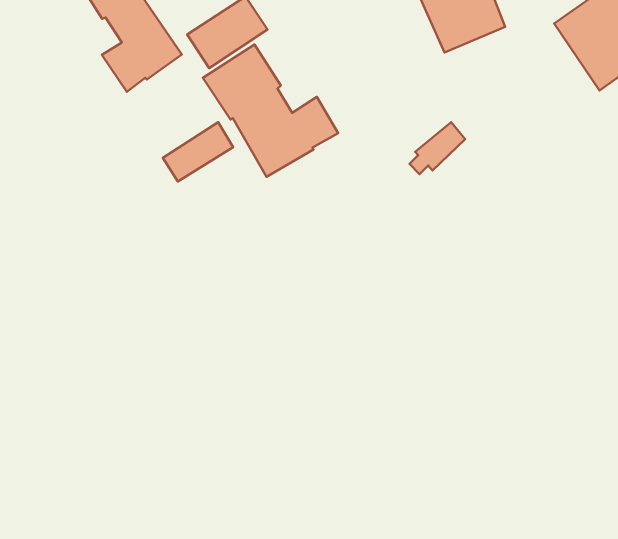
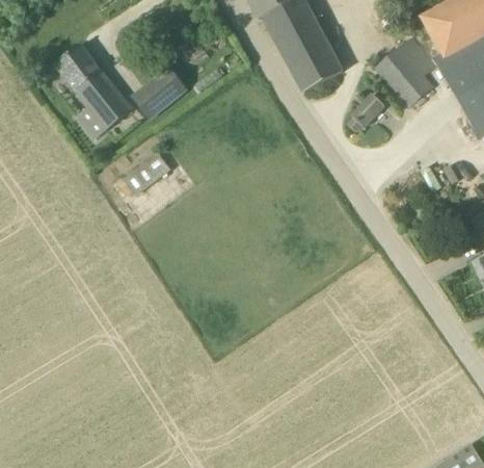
building: [203,44,338,177] -> none
building: [409,122,465,174] -> [349,94,384,130]

